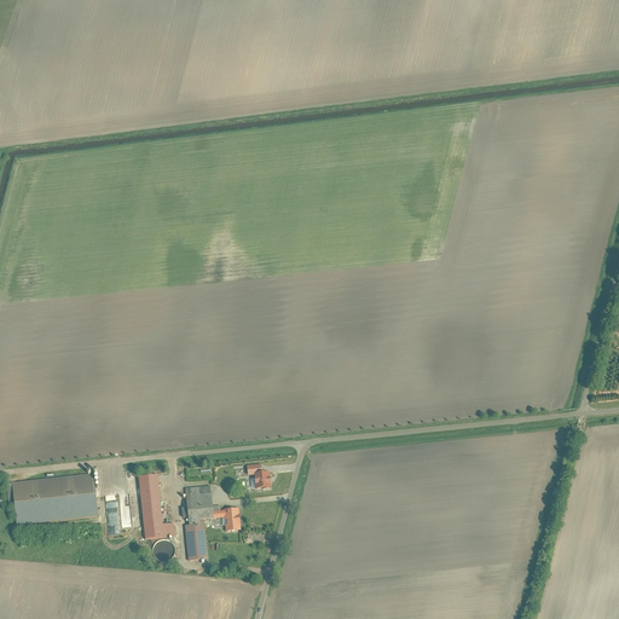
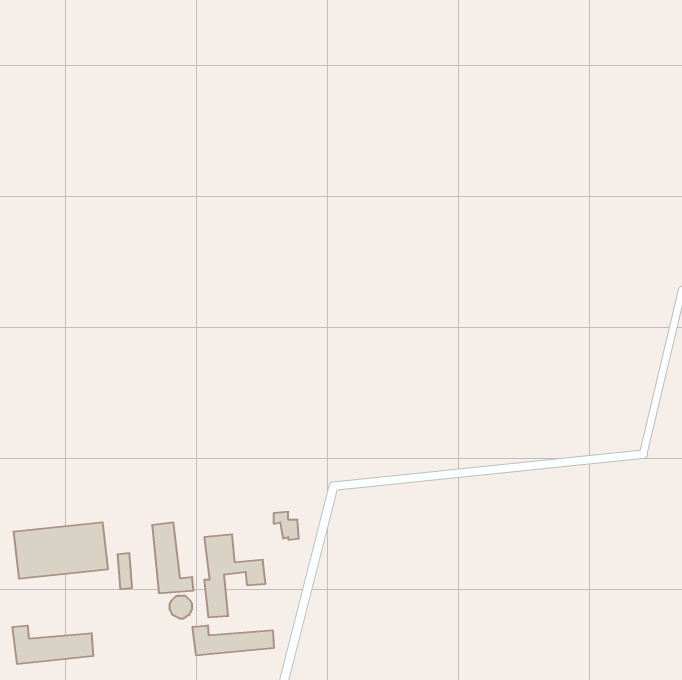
building: none -> [193,625,274,655]
building: none -> [13,625,93,664]

